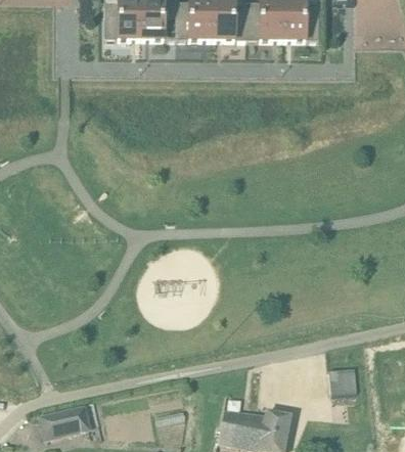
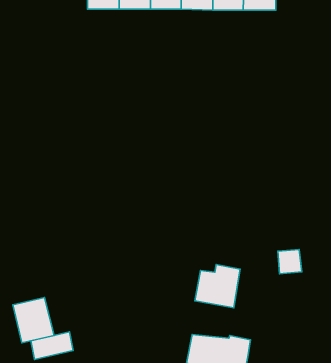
building: none -> [195,265,240,308]
building: [329,366,357,394] -> [278,249,302,274]
building: none -> [13,298,54,343]

